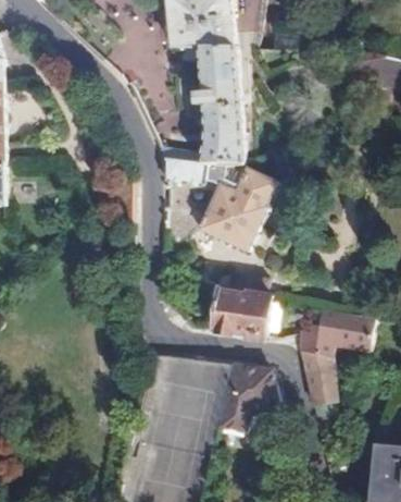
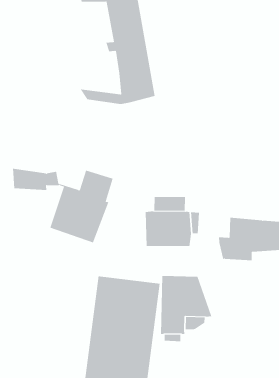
building: [164,156,278,250] -> [12,168,114,243]
building: [301,353,339,438] -> none

